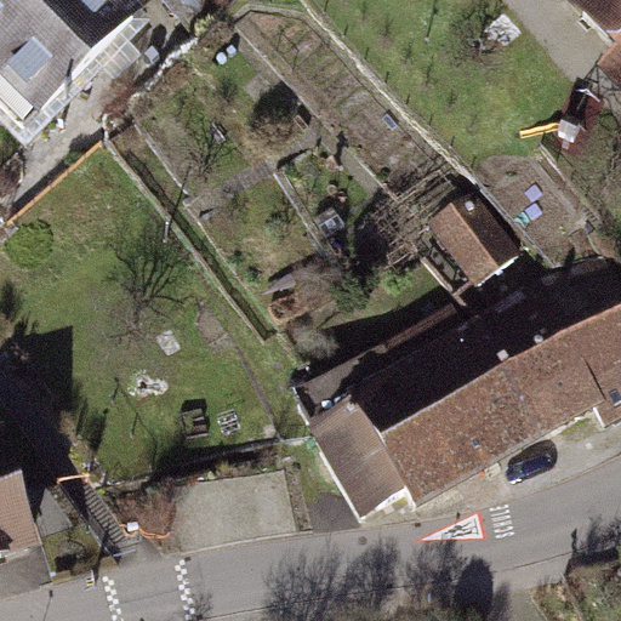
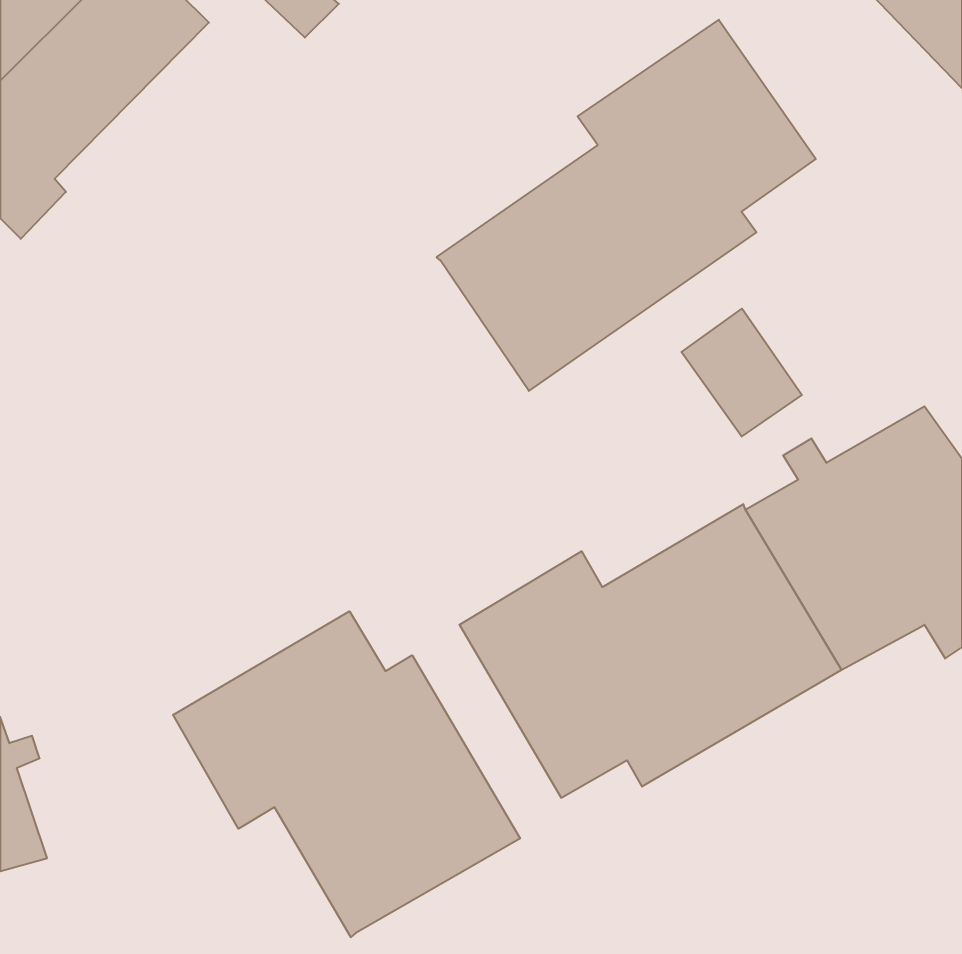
building: none -> [437,20,816,391]
building: none -> [173,611,520,937]

